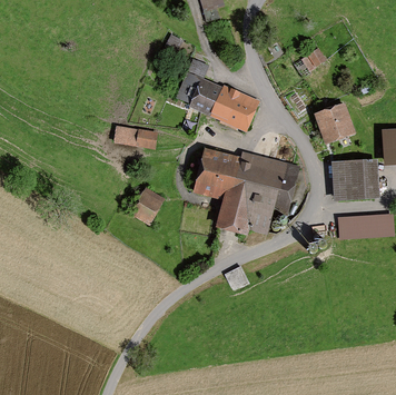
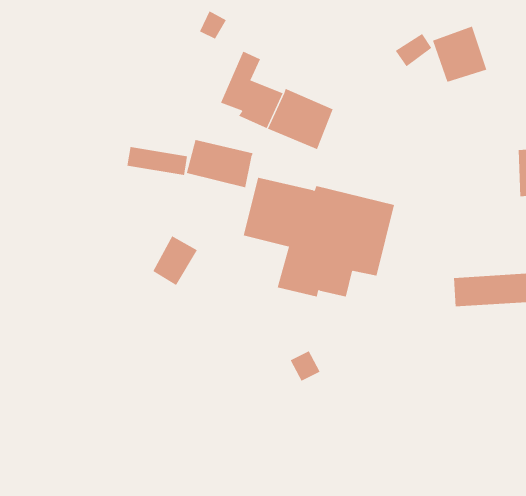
building: [317,102,355,141] -> [432,26,487,83]
building: none -> [186,139,253,188]
building: [333,159,379,198] -> none

